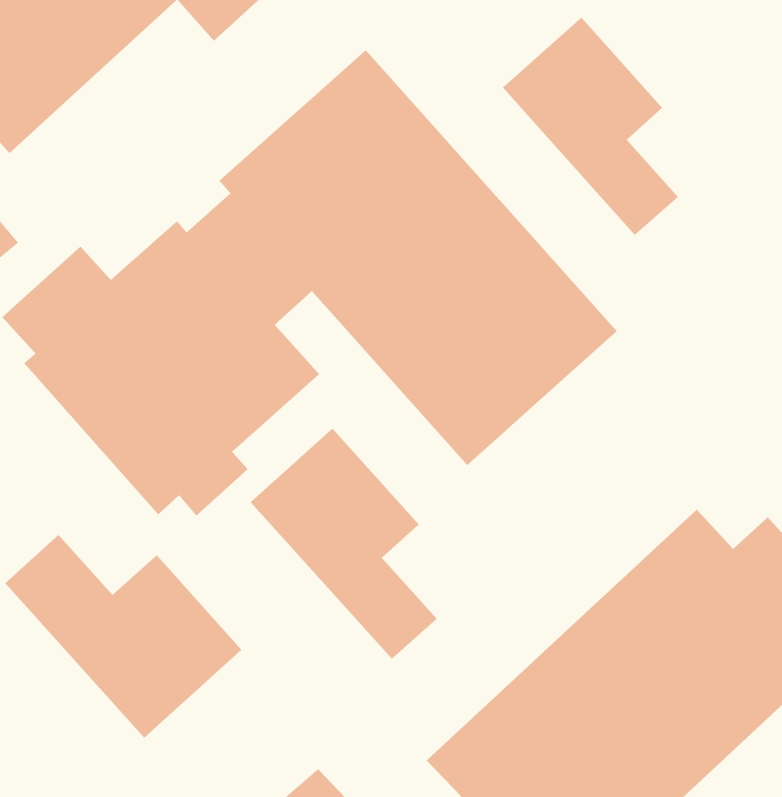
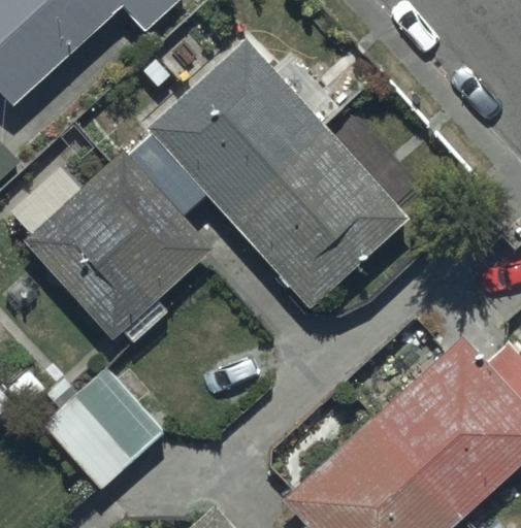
building: [502,17,679,236] -> none
building: [250,428,438,660] -> none

